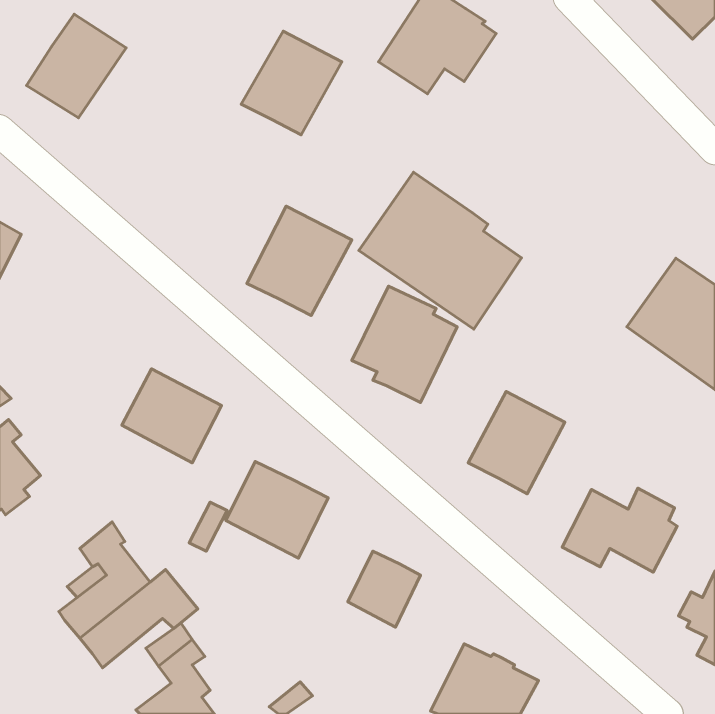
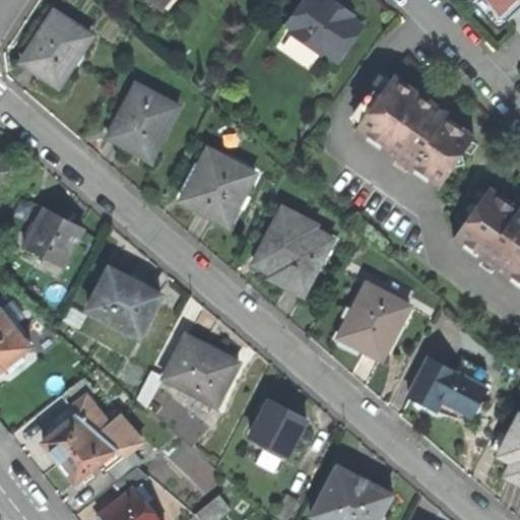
building: [241,31,342,135] -> [106,84,179,159]
building: [359,172,522,329] -> [353,74,471,188]
building: none -> [24,206,83,273]

